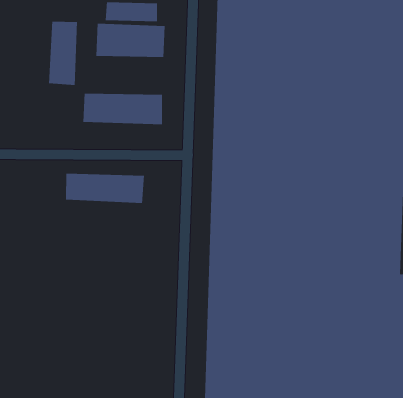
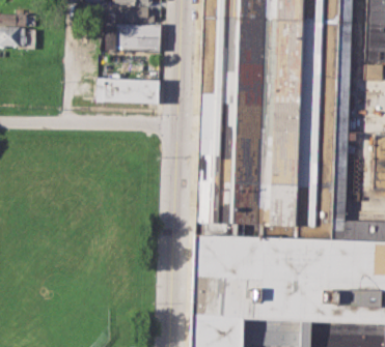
building: [48,21,78,86] -> none
building: [65,173,144,204] -> none

